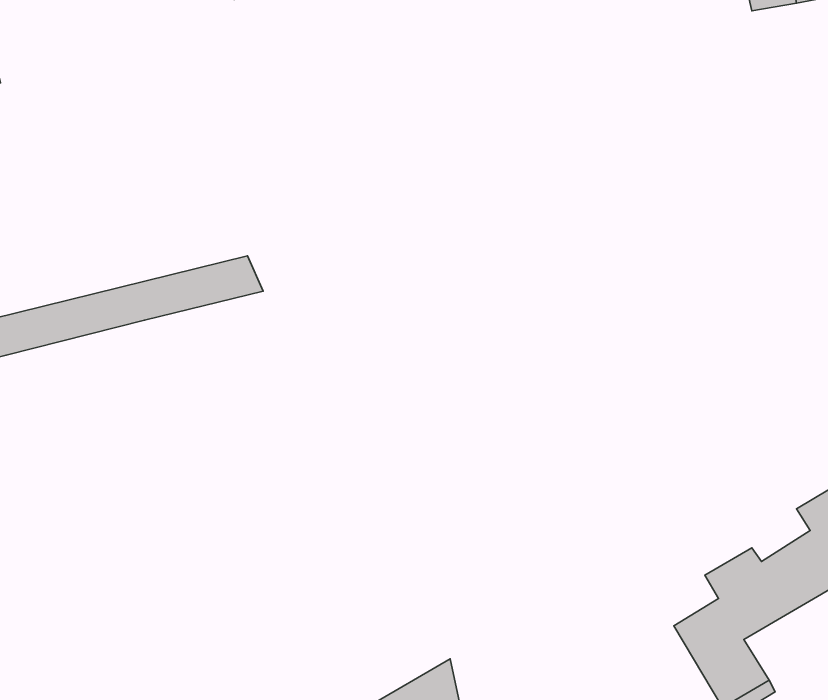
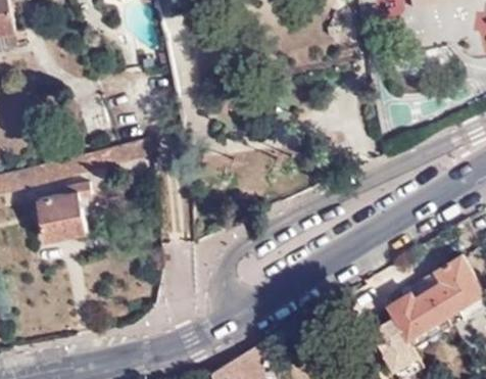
building: none -> [36,192,85,240]

